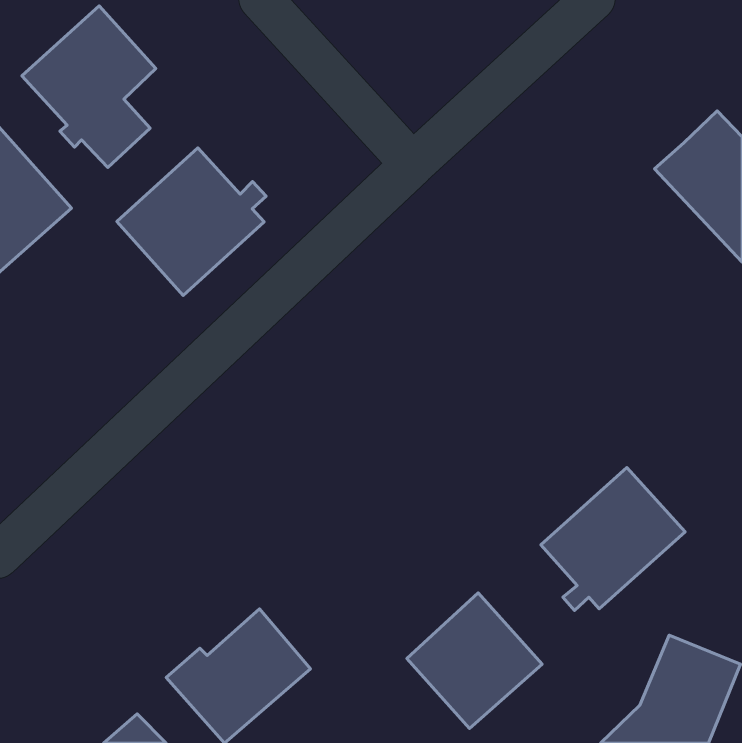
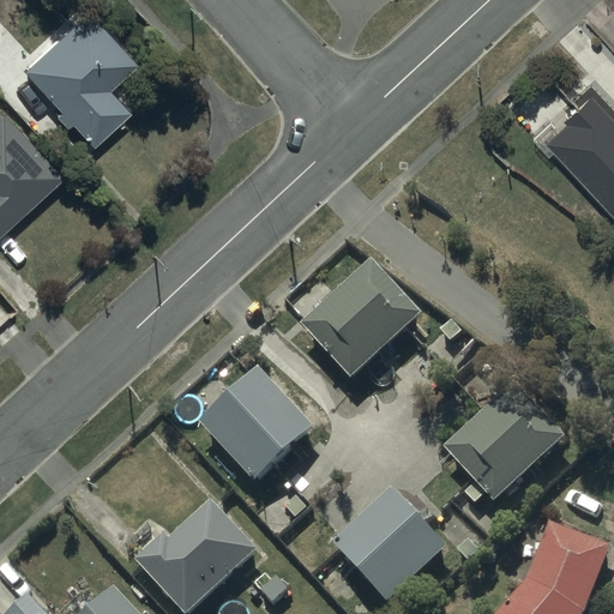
building: [117,148,266,295] -> none
building: none -> [301,259,422,378]
building: none -> [200,367,313,481]

